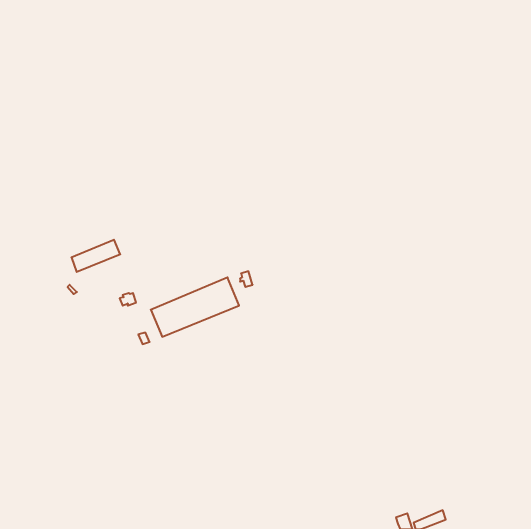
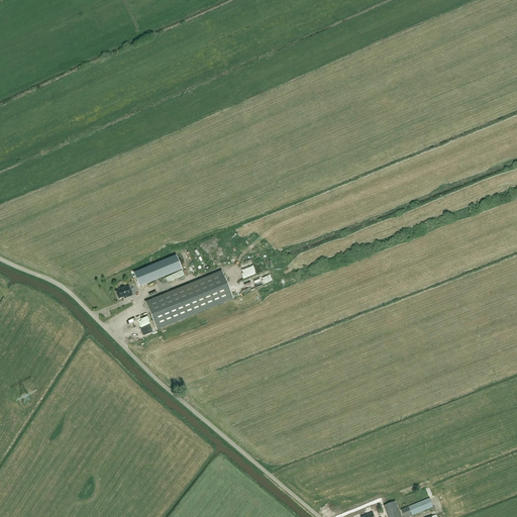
building: [71,240,120,272] -> [134,253,182,285]

